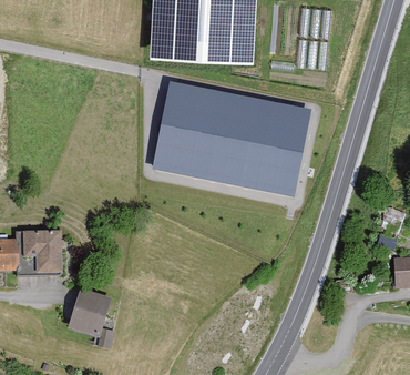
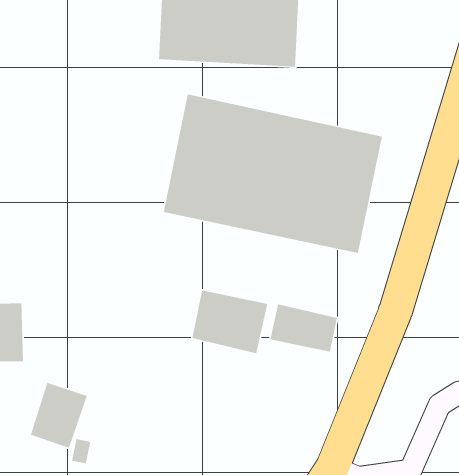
building: none -> [191,290,268,354]
building: none -> [269,303,338,353]

